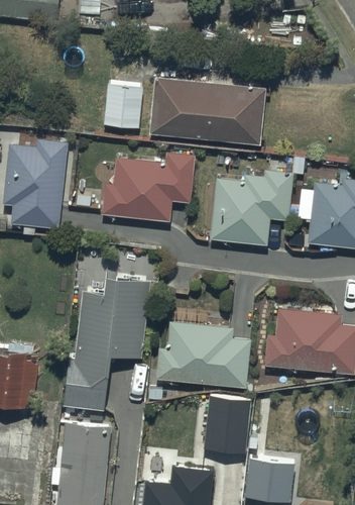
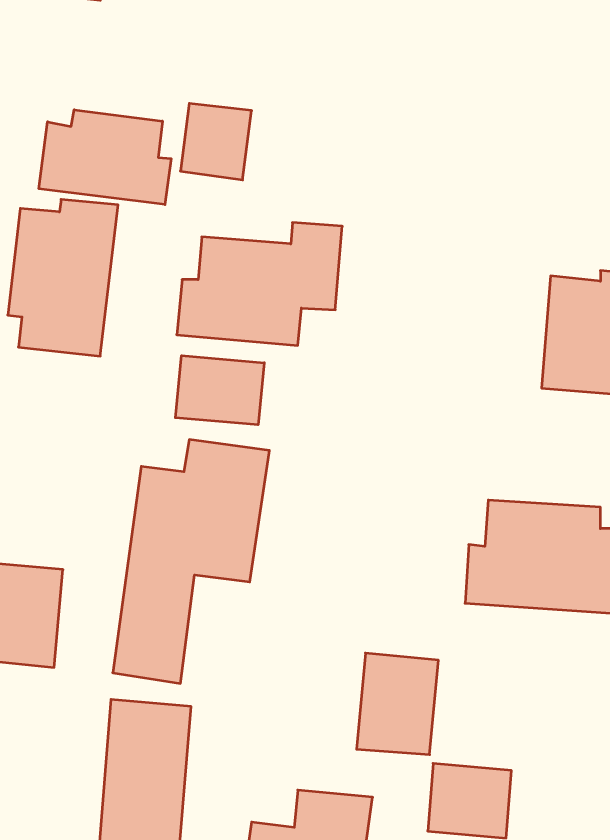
building: [148,77,268,147] -> none
building: none -> [39,110,171,205]
building: [208,173,293,247] -> none
building: none -> [175,356,264,425]
building: [156,322,250,386] -> none

